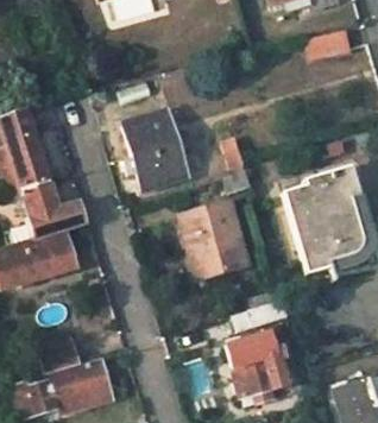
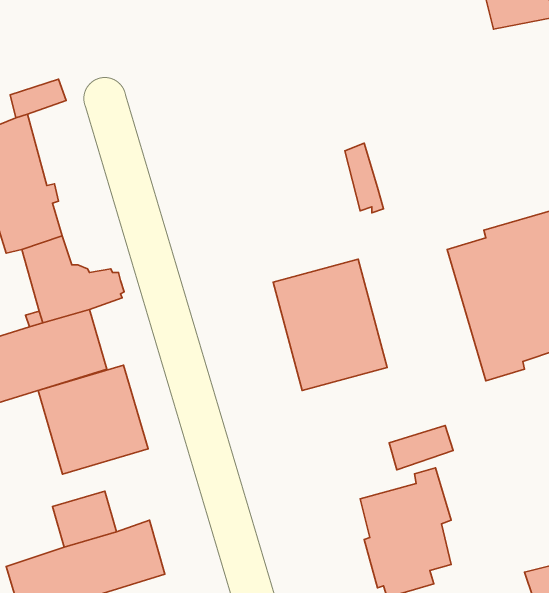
building: [126,116,188,190] -> none
building: none -> [38,365,148,474]

